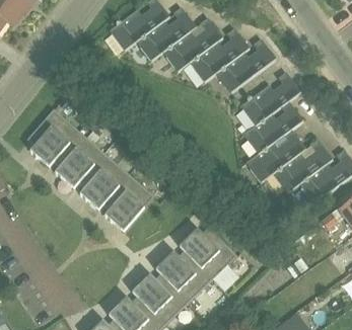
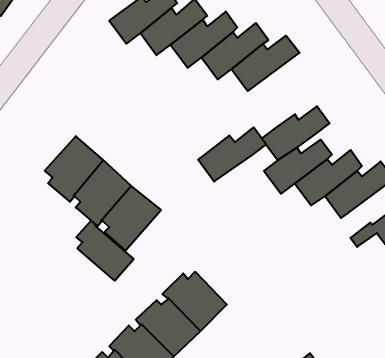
building: [240,77,300,125] -> [198,127,266,182]
building: [26,109,79,168] -> none
building: none -> [76,221,134,281]
building: [179,227,236,279] -> none

